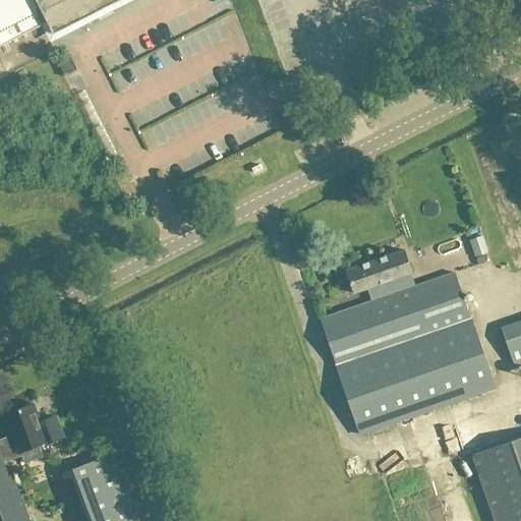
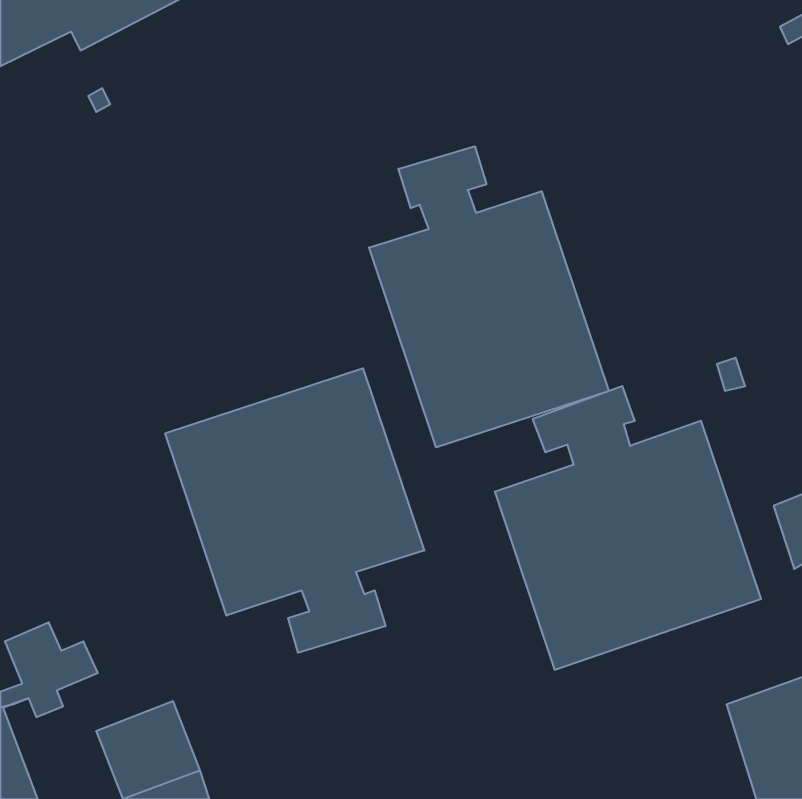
building: none -> [369,146,609,447]
building: none -> [165,368,424,653]

